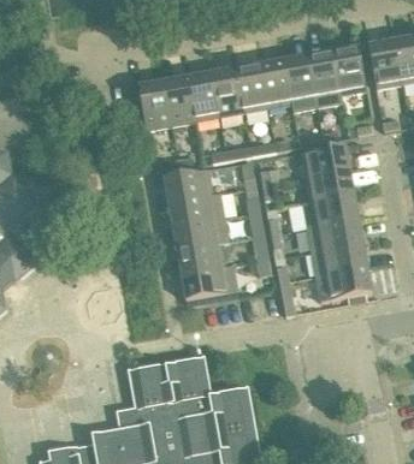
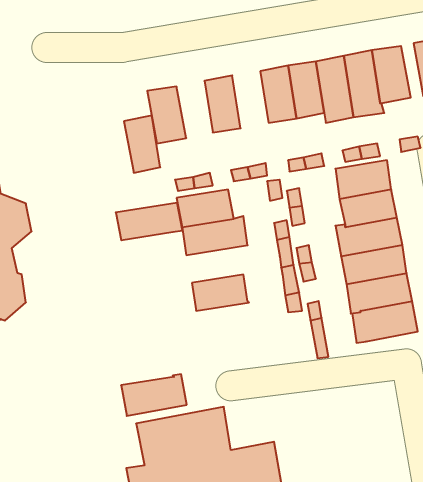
building: [212,66,243,115] -> none
building: [164,75,195,124] -> [124,116,160,173]
building: [172,216,230,249] -> [116,203,183,240]
building: [181,263,237,299] -> [121,374,187,416]

